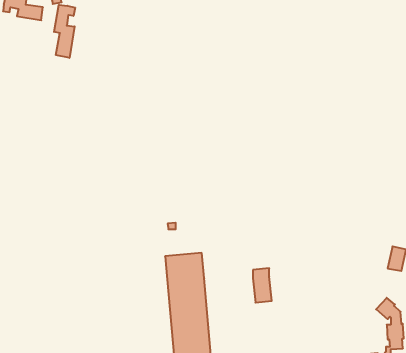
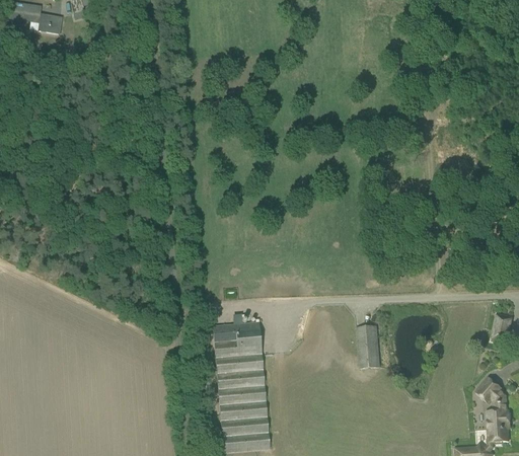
building: [54,5,75,58] -> none
building: [253,268,272,303] -> [357,325,380,368]

